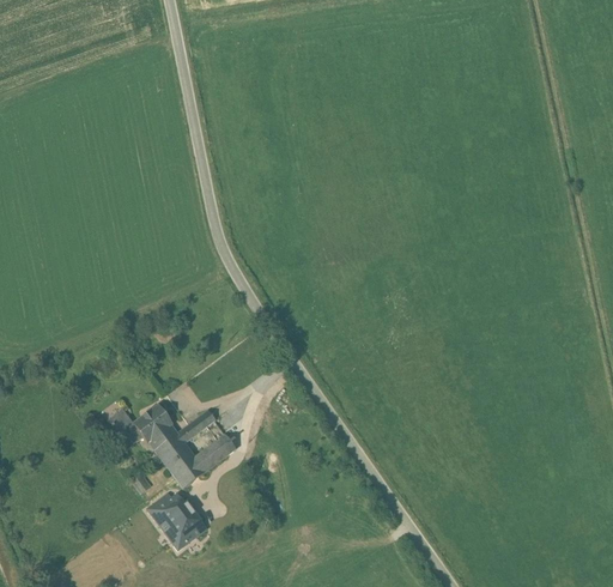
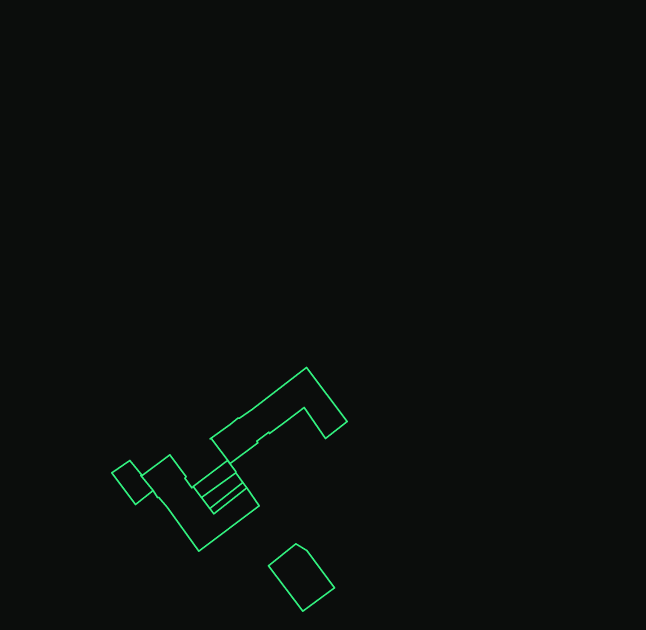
building: none -> [210,368,347,464]
building: [148,490,206,549] -> [268,544,334,611]

